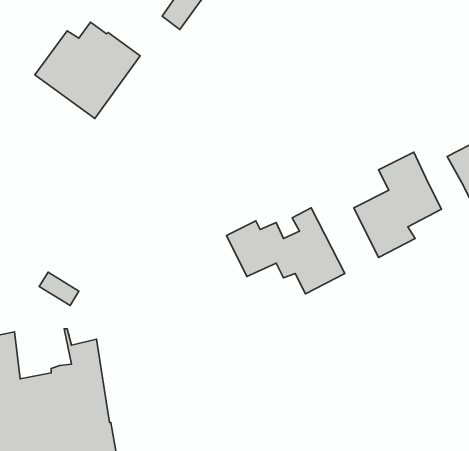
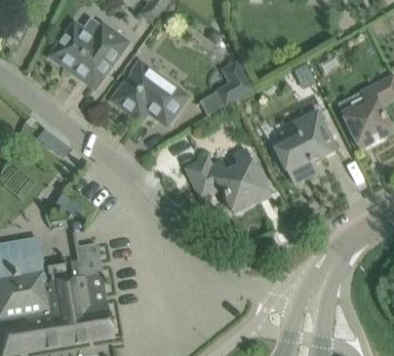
building: none -> [215,60,253,106]
building: none -> [114,64,187,123]

